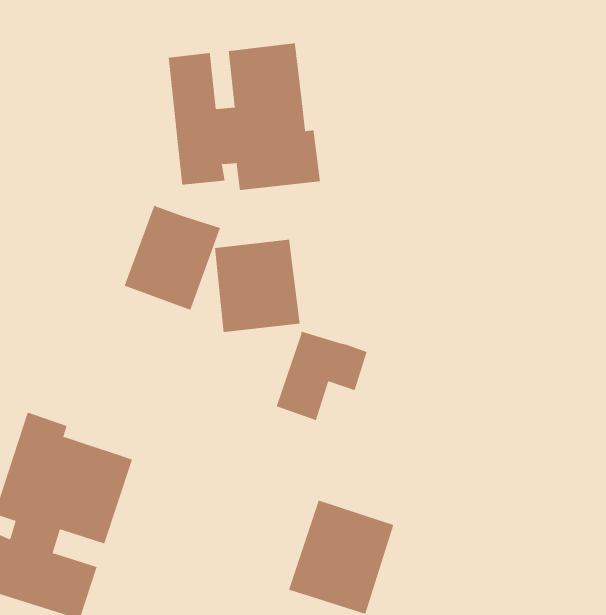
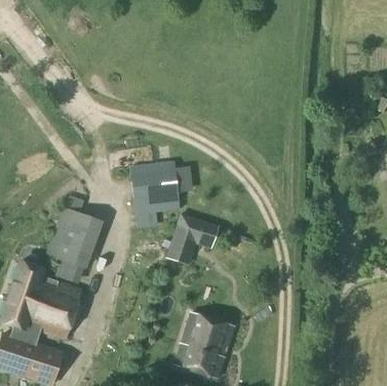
building: [168,42,320,191] -> none
building: [124,205,221,311] -> [45,207,102,269]

